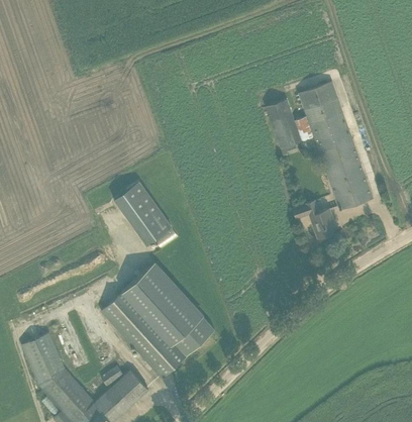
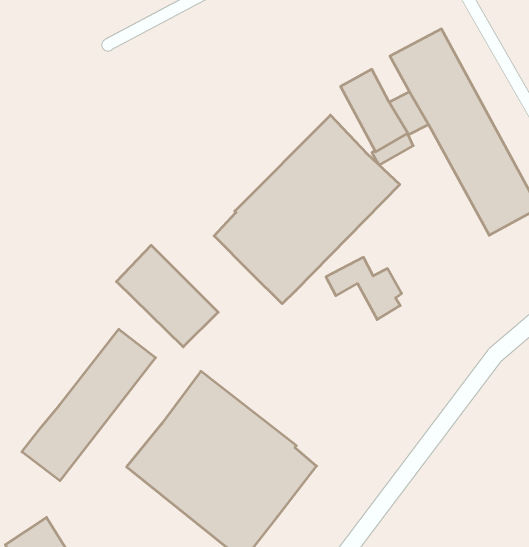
building: none -> [214,115,400,304]
building: [292,201,335,239] -> [326,257,402,320]
building: none -> [22,329,156,481]

